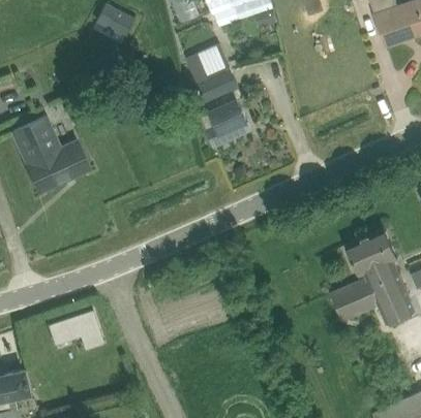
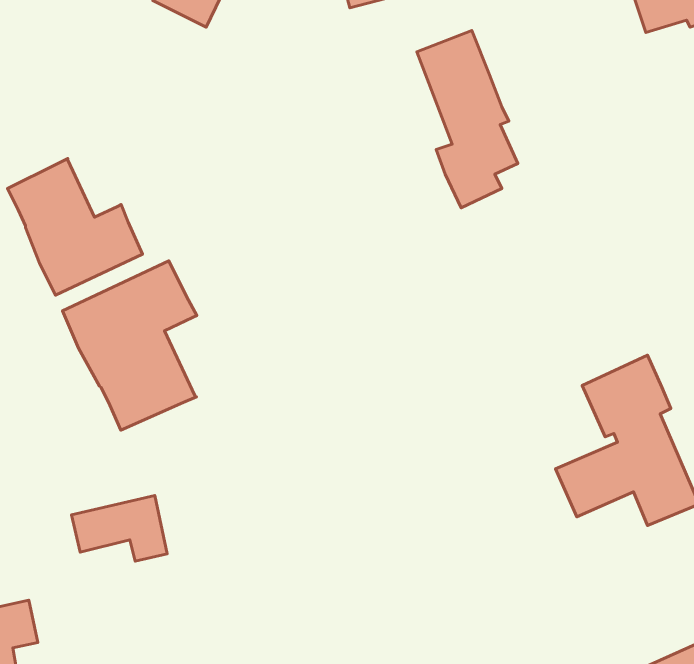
building: [188,44,247,148] -> [417,31,518,208]
building: none -> [62,261,197,430]

